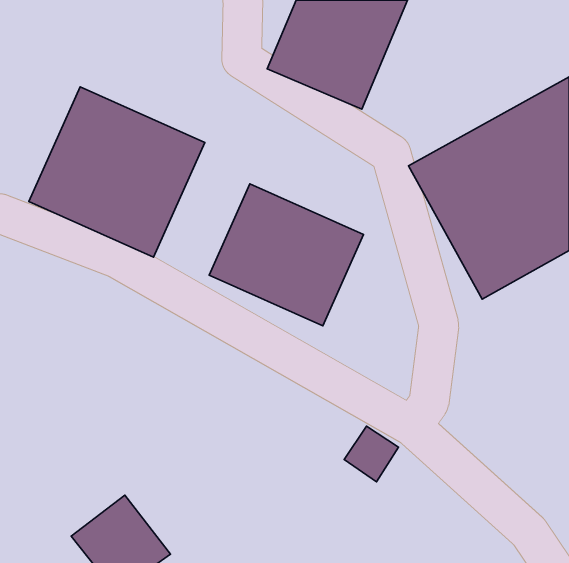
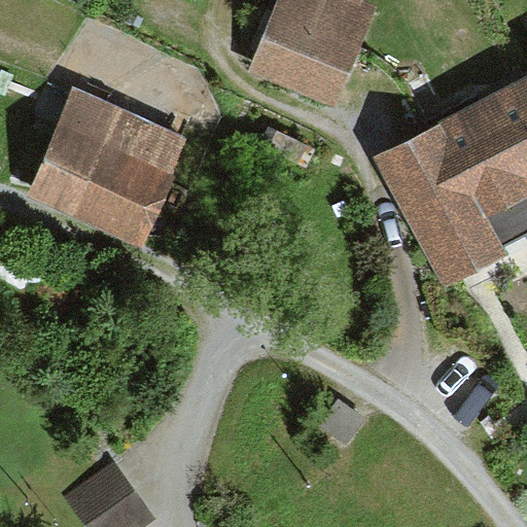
building: [209,184,364,326] -> none

